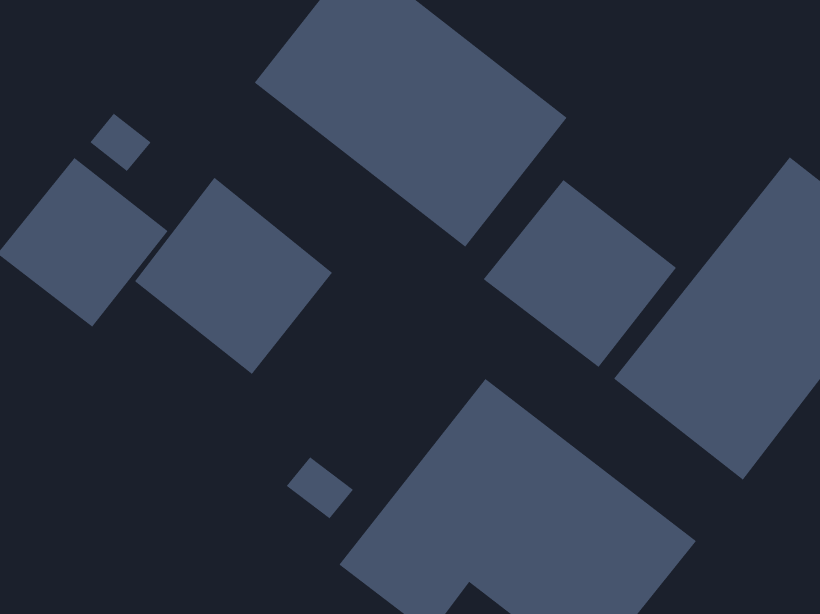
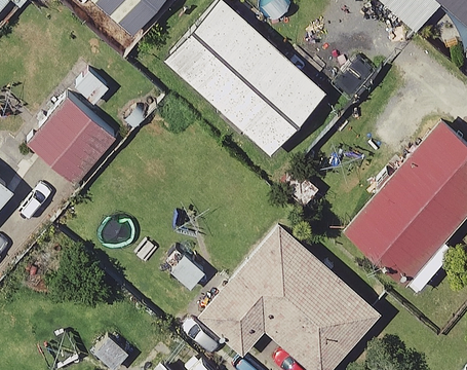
building: [134,177,333,375] -> none
building: [483,179,677,368] -> none

